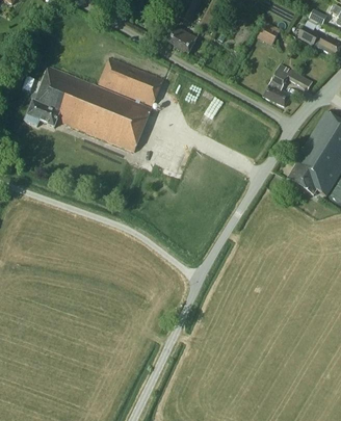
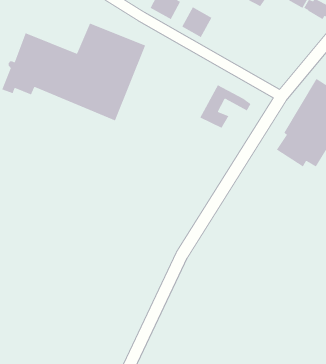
building: none -> [181,6,213,38]
building: [262,63,312,106] -> [199,84,251,129]

